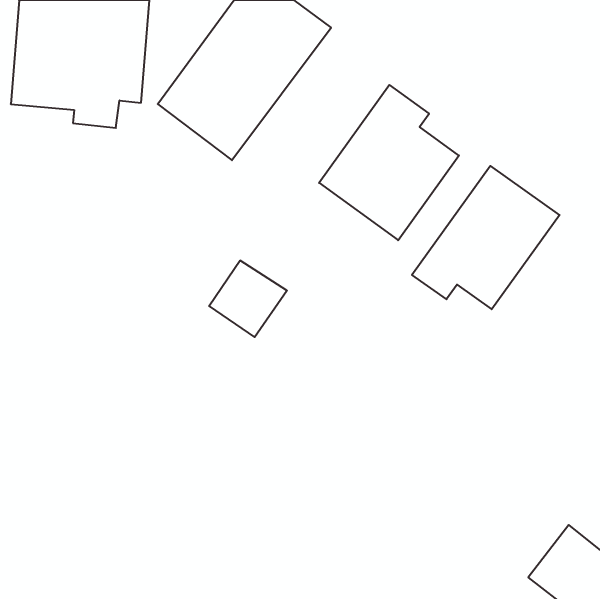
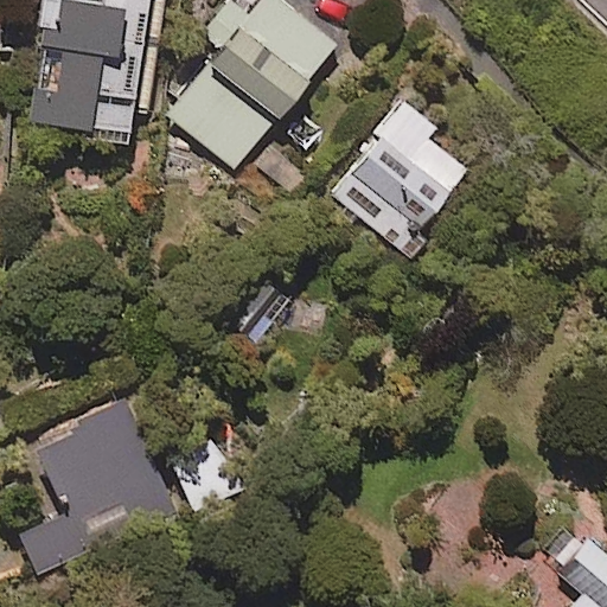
building: [412,166,560,309] -> none
building: none -> [18,397,181,586]

